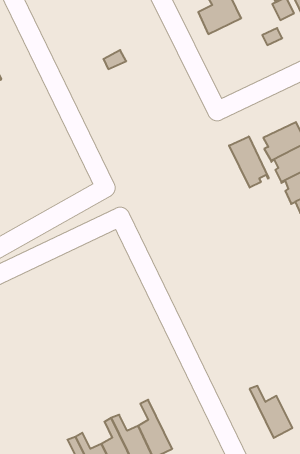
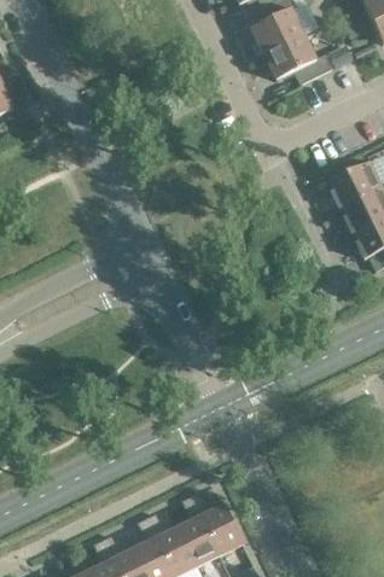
building: none -> [264,33,333,82]
building: [229,136,269,188] -> none
building: [250,386,292,438] -> [192,490,244,553]

